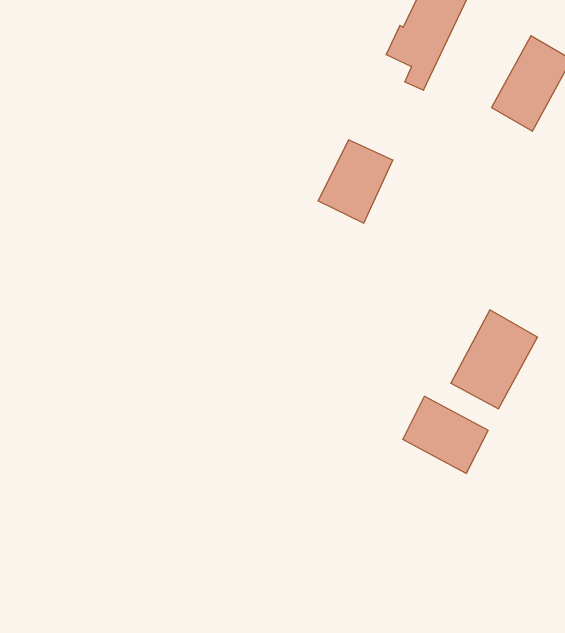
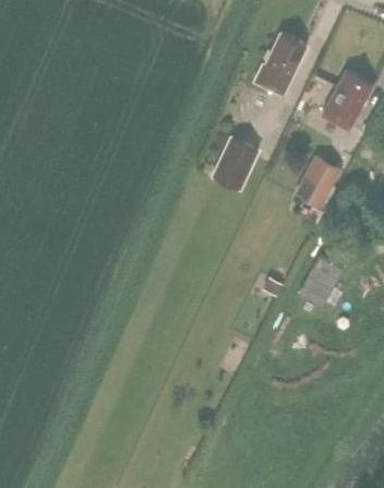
building: none -> [295,153,344,207]
building: [403,396,488,473] -> none

